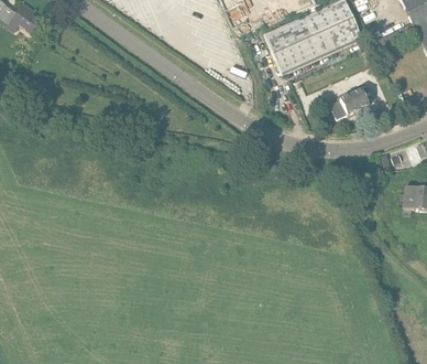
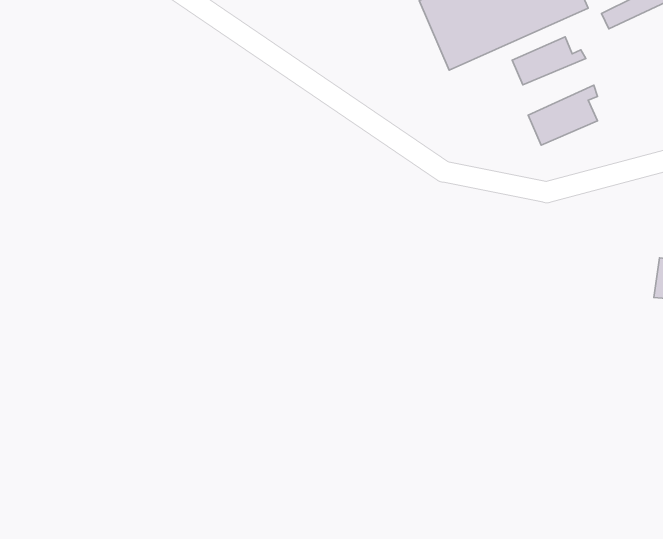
building: none -> [512,37,586,85]

